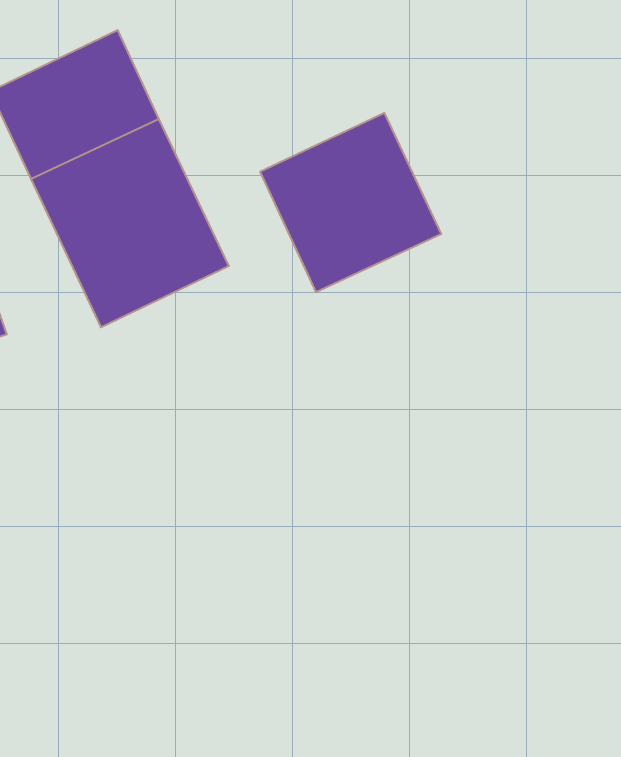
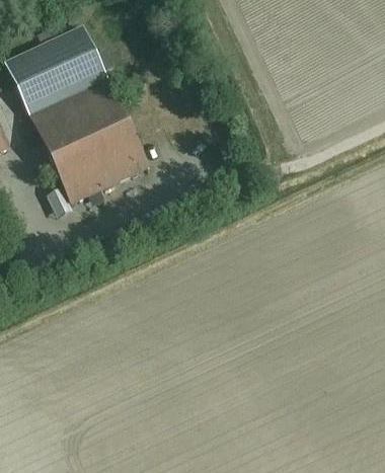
building: [260,113,441,292] -> none

